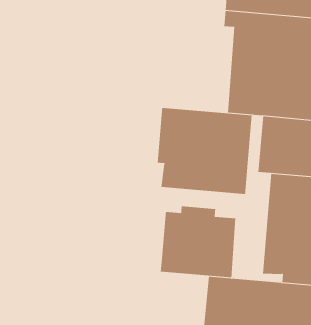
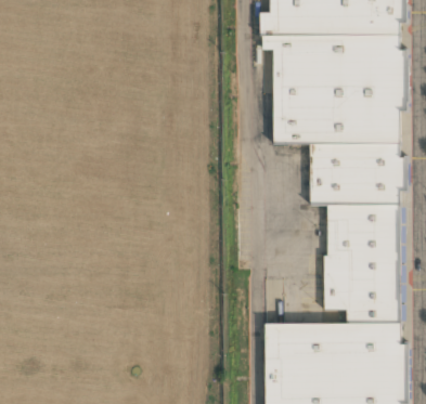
building: [157,107,252,195] -> none
building: [160,206,236,278] -> none

